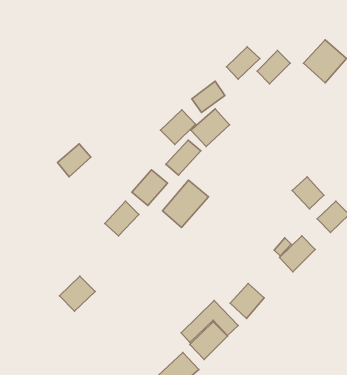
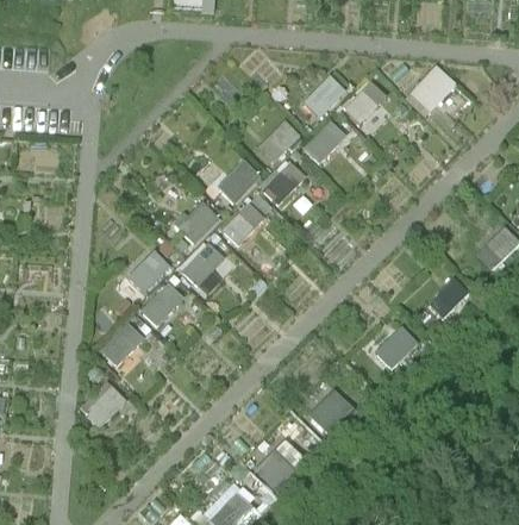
building: none -> [302,120,348,164]
building: none -> [175,200,221,245]
building: [58,144,91,177] -> [127,249,171,293]
building: [292,177,324,209] -> none
building: [162,180,208,227] -> none
building: none -> [101,320,145,365]

